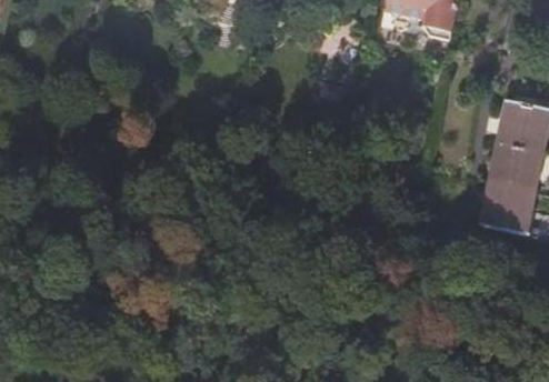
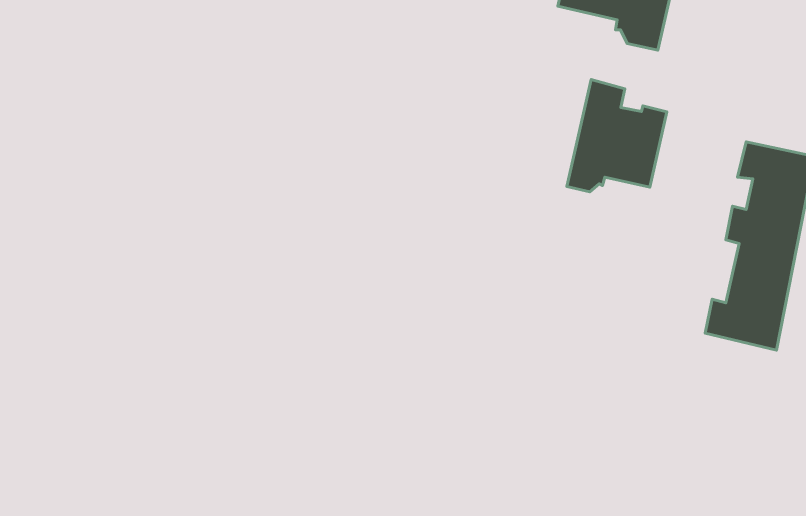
building: none -> [567,80,667,192]

